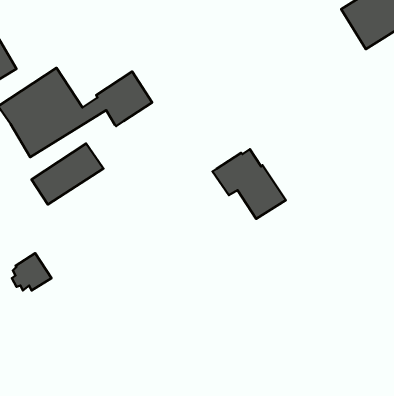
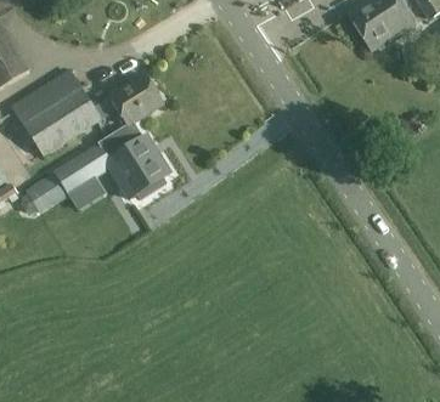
building: [213,149,286,219] -> [98,120,170,188]
building: [12,253,51,291] -> [22,177,61,214]

